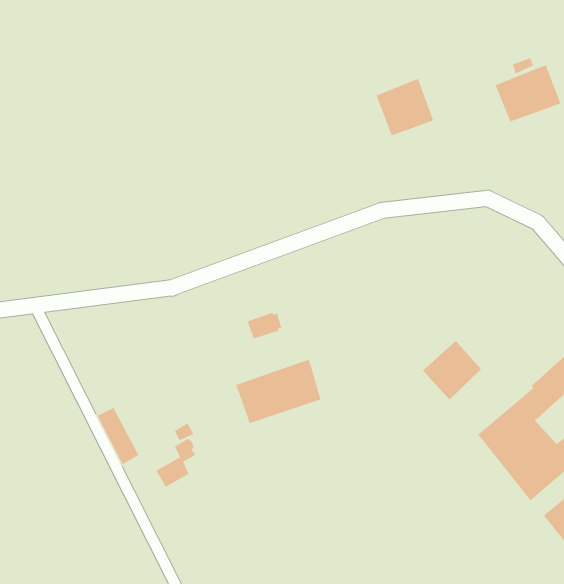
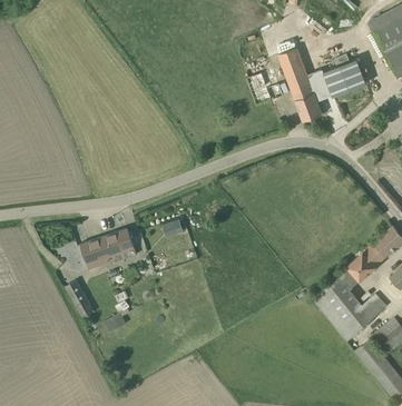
building: none -> [277,48,323,121]
building: [422,340,482,400] -> none
building: [235,359,321,424] -> [79,228,135,270]

